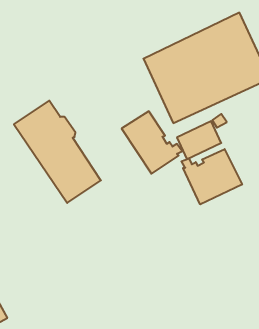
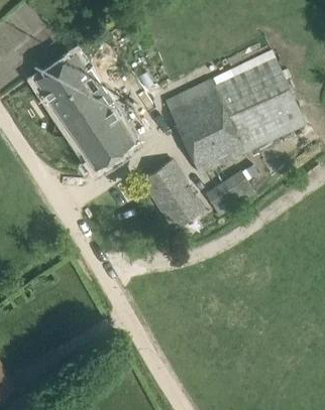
building: [14,101,101,203] -> [36,54,133,168]
building: [181,149,242,204] -> none

